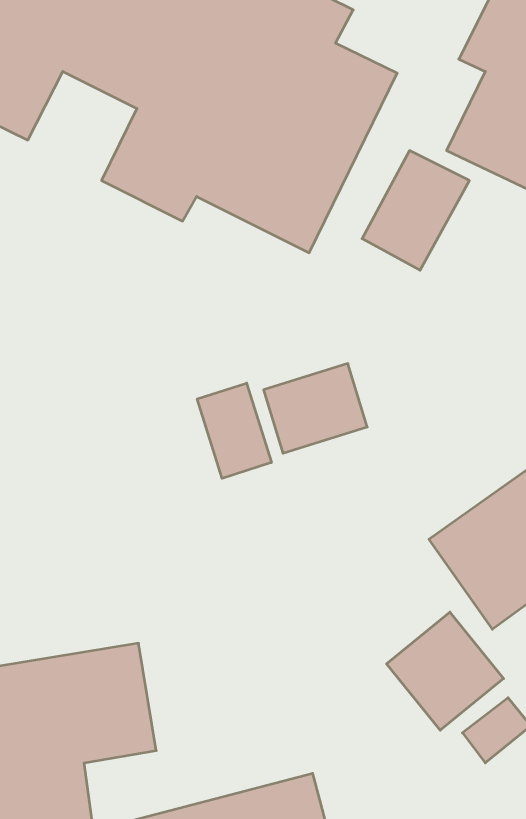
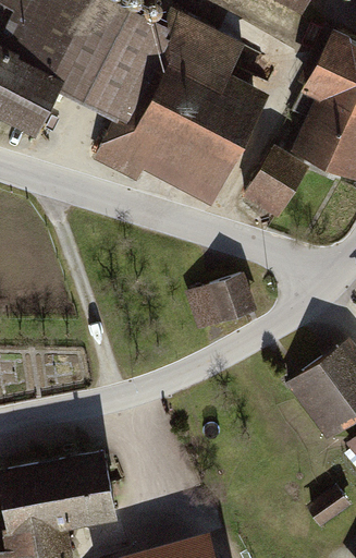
building: [197,383,271,478] -> none
building: [387,612,504,730] -> none

